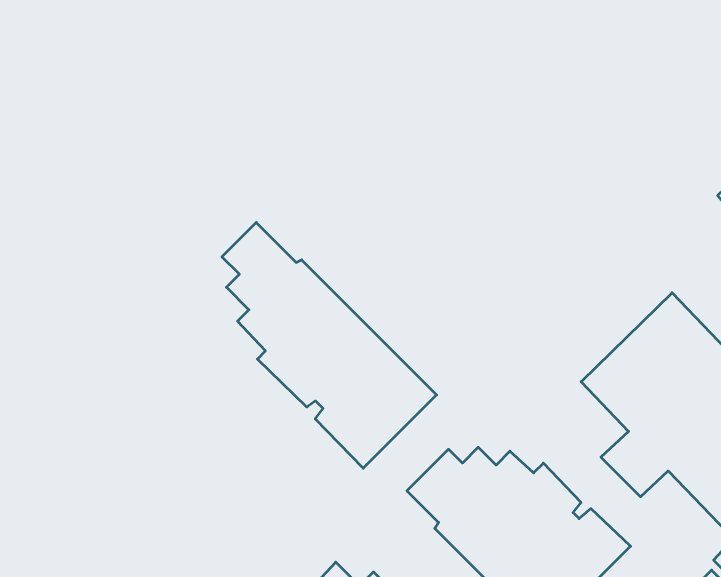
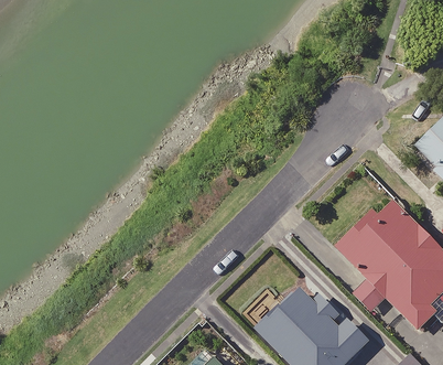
building: [222,222,437,468] -> none

